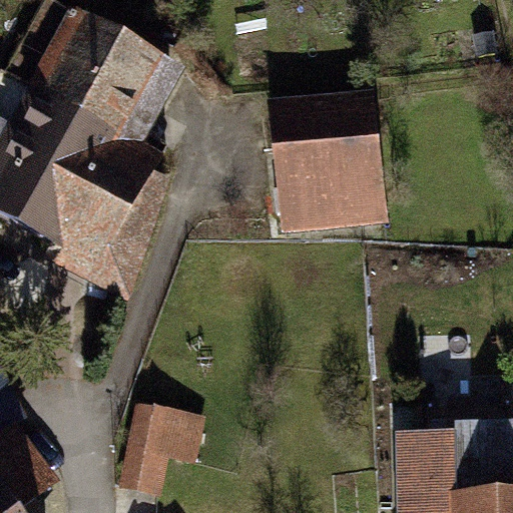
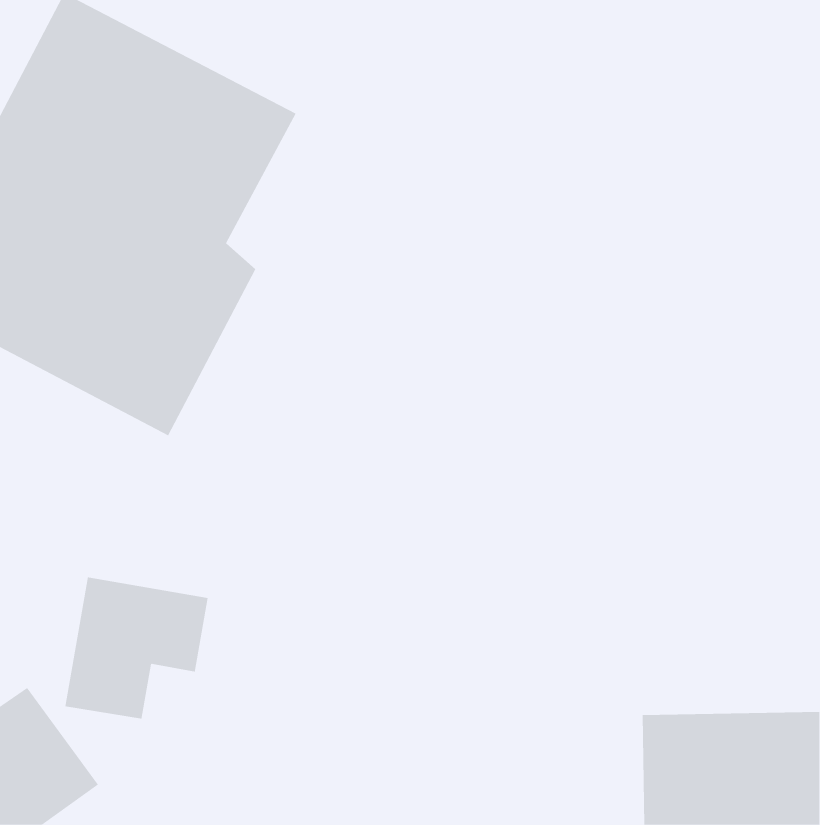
building: [267,92,390,233] -> none
building: [115,406,204,494] -> [64,577,209,719]

